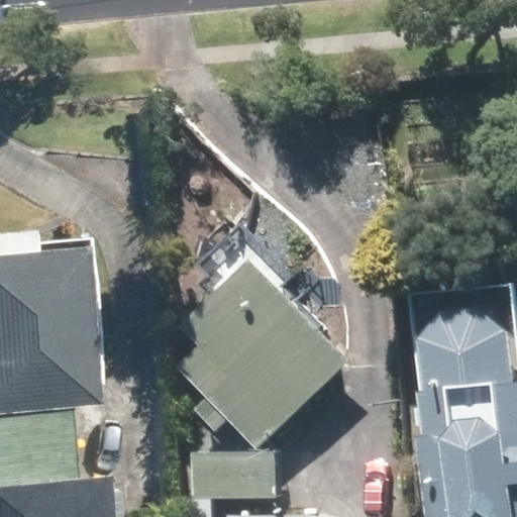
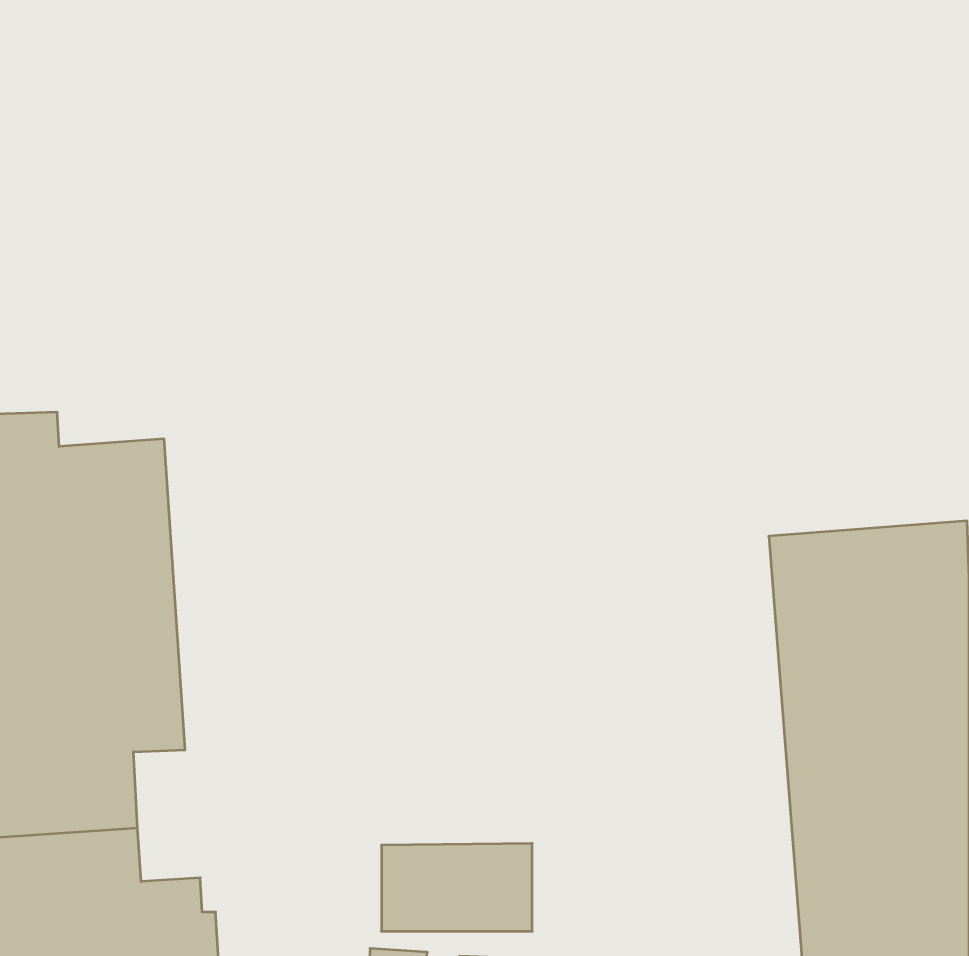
building: [189,260,360,449] -> none

